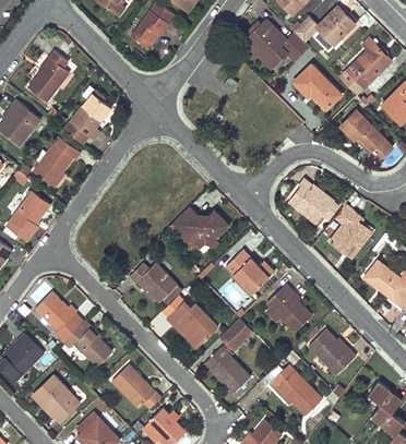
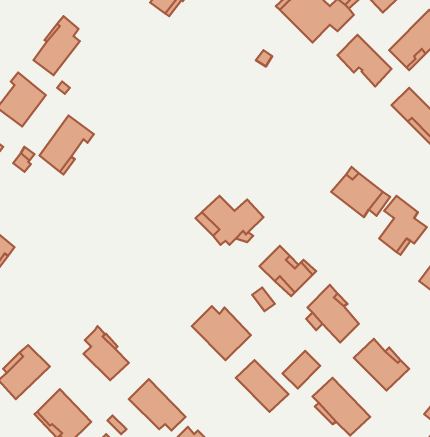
building: [71,88,112,140] -> none
building: [8,191,50,240] -> none
building: [130,262,178,302] -> none
building: [34,290,83,338] -> none
building: [219,317,252,350] -> [283,351,320,389]

